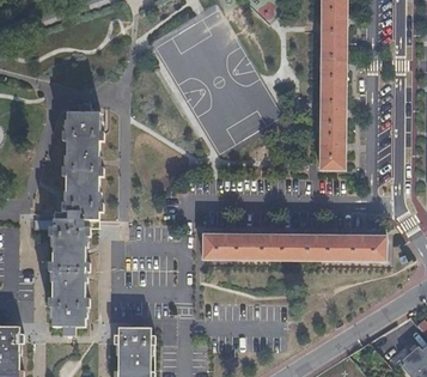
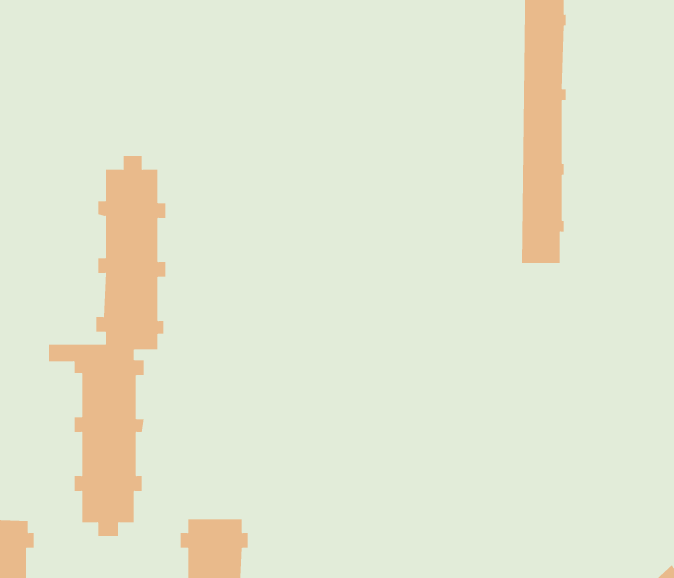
building: [202,232,384,261] -> none

